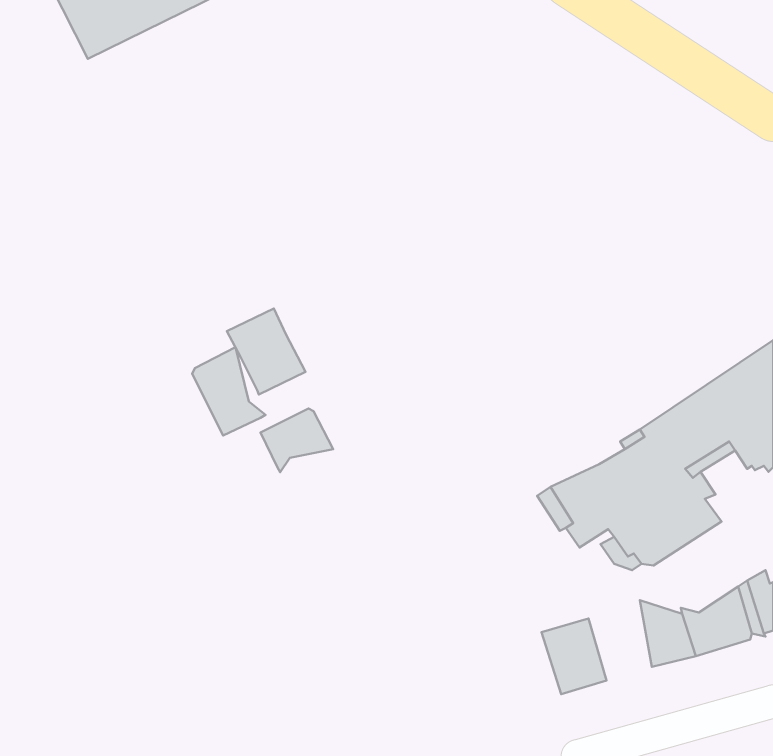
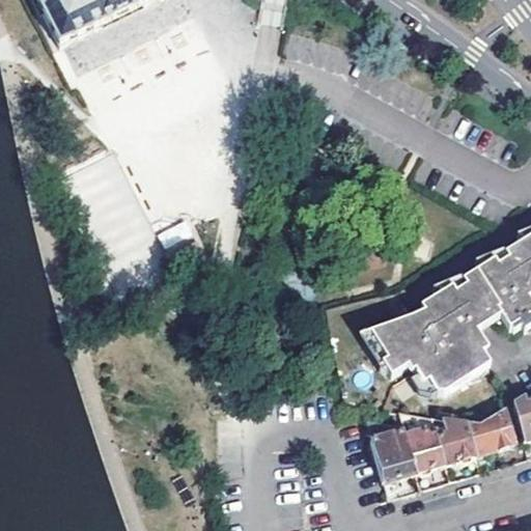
building: [192,347,266,436] -> none
building: [261,408,333,472] -> none
building: none -> [398,406,447,467]

